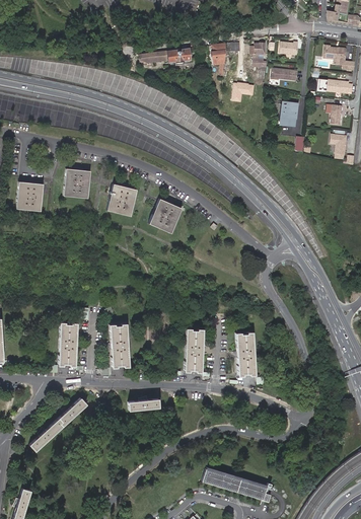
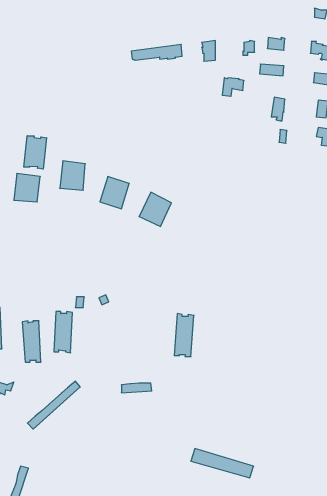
building: none -> [24,136,47,169]
building: [110,324,129,367] -> [22,321,41,362]
building: [234,330,254,374] -> none

